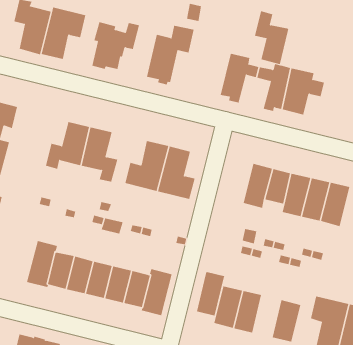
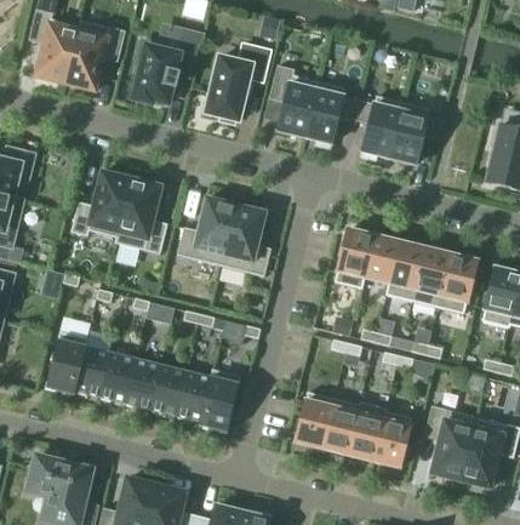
building: [254,10,291,65] -> [269,64,318,137]
building: [196,272,225,316] -> [348,401,387,461]

